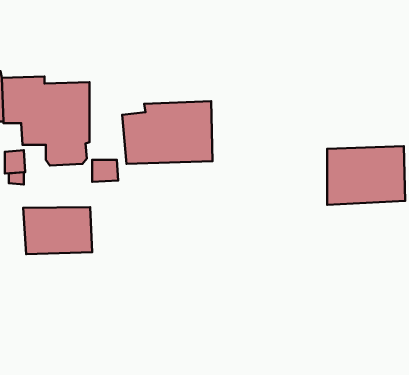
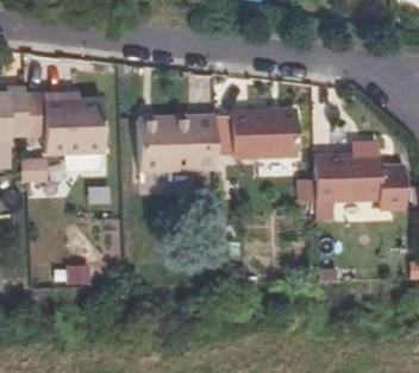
building: none -> [229,110,290,158]
building: [23,207,92,254] -> none

